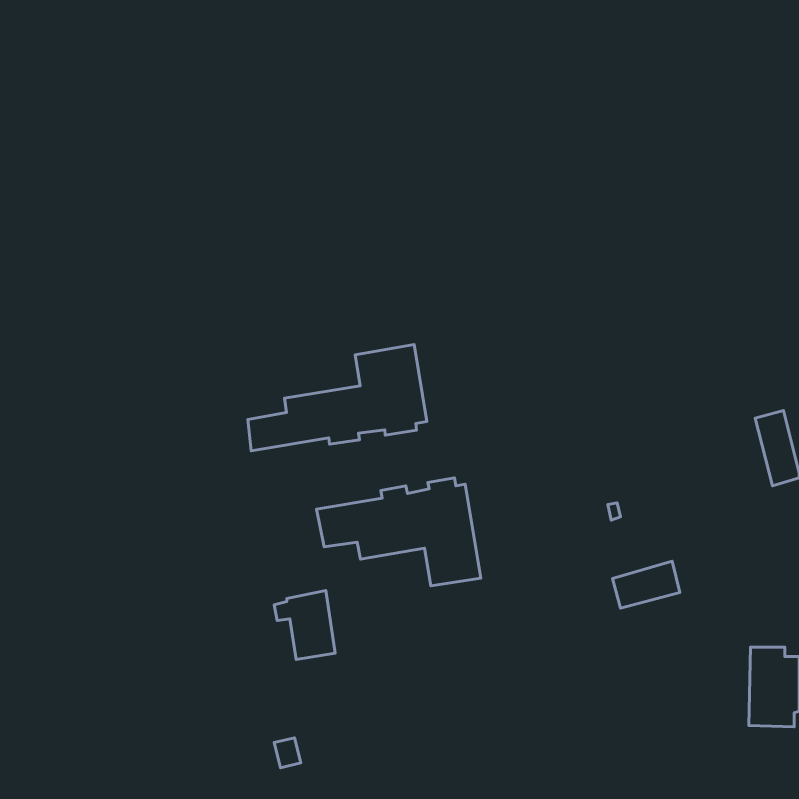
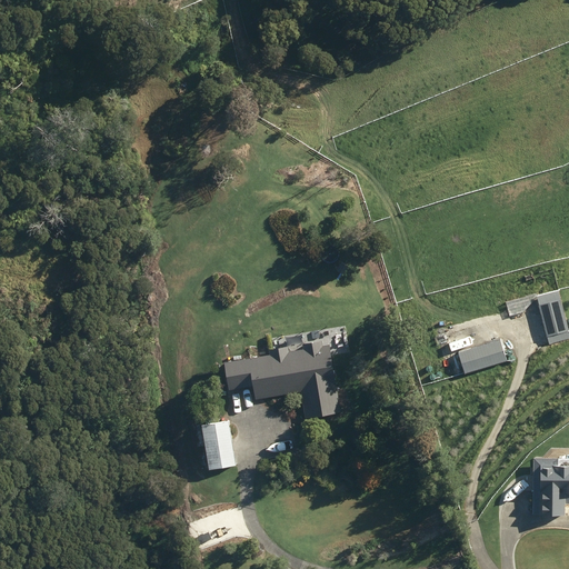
building: [248,345,427,451] -> none
building: [613,561,680,608] -> [457,340,505,373]

